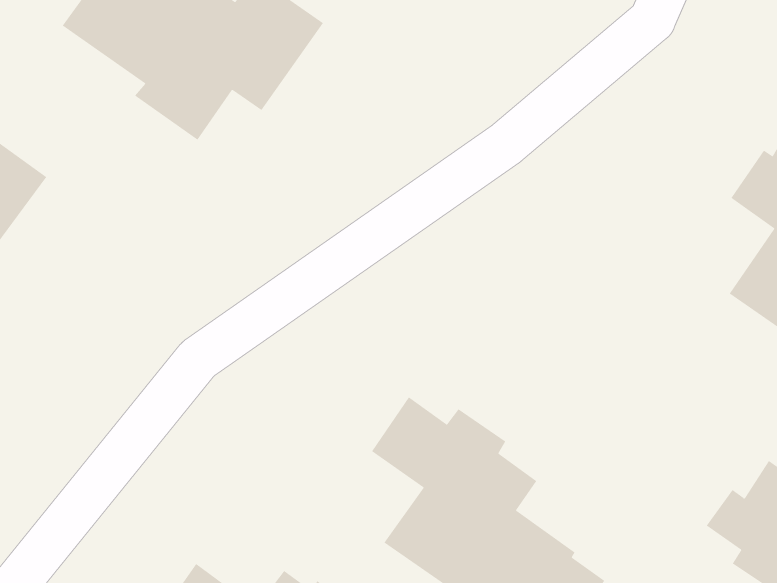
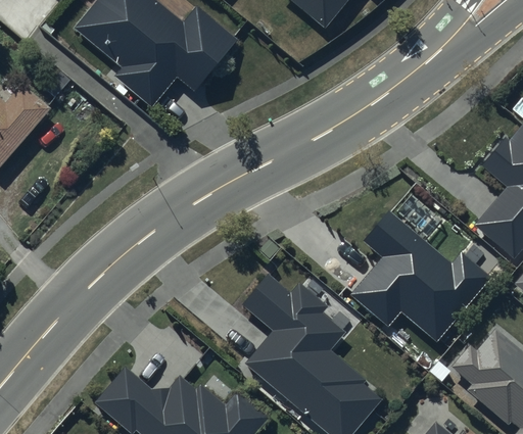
building: none -> [351,209,493,340]

